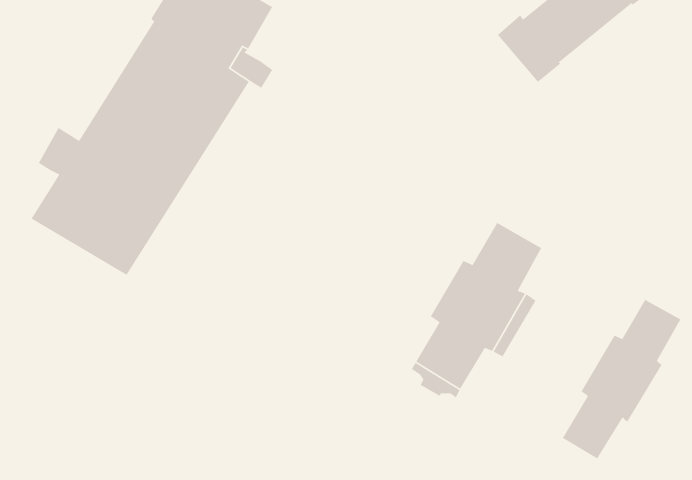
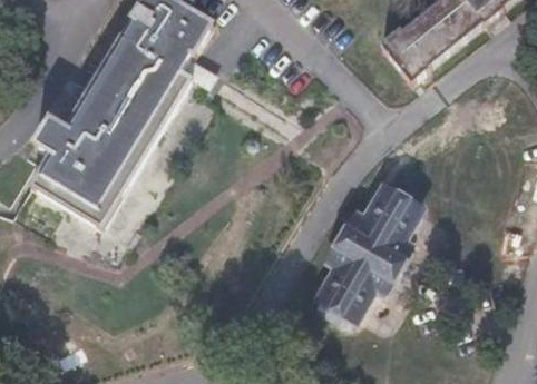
building: [562,299,682,460] -> none

